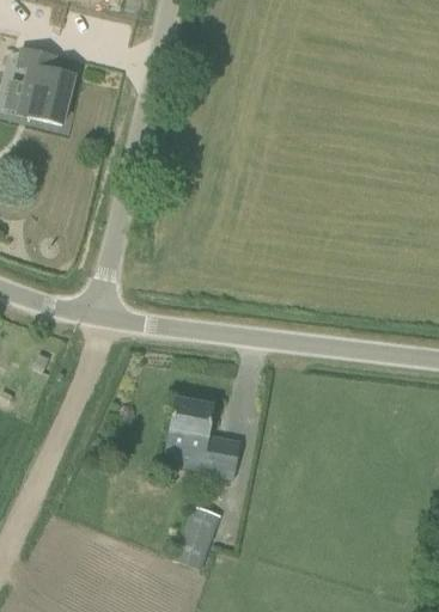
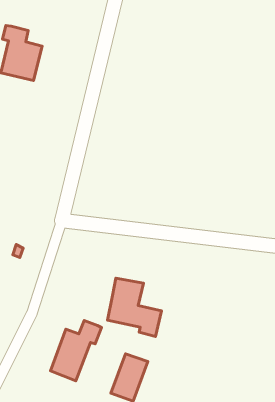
building: none -> [51,320,101,381]

